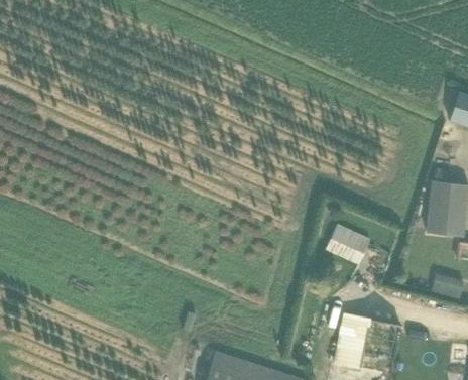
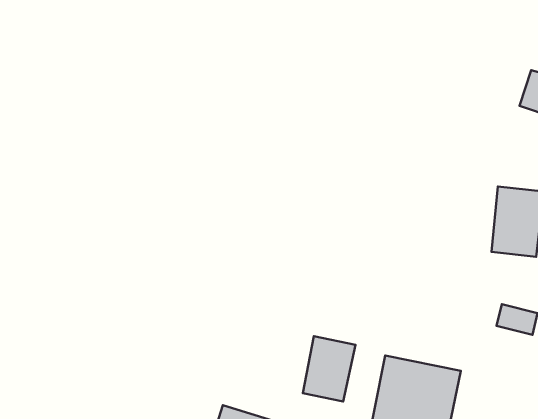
building: [326,225,368,263] -> none
building: none -> [303,336,356,401]

